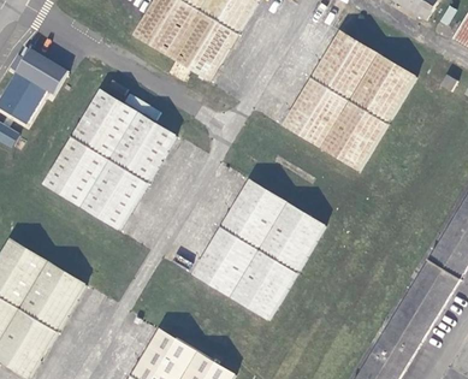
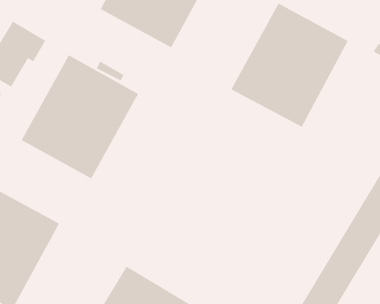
building: [190,178,324,320] -> none

